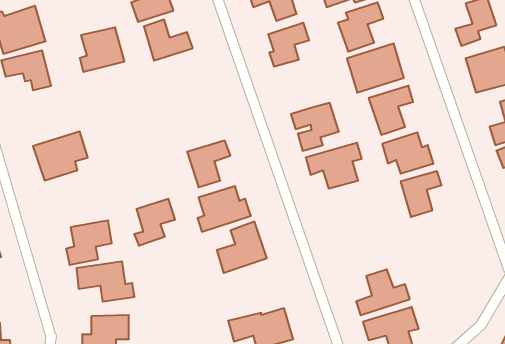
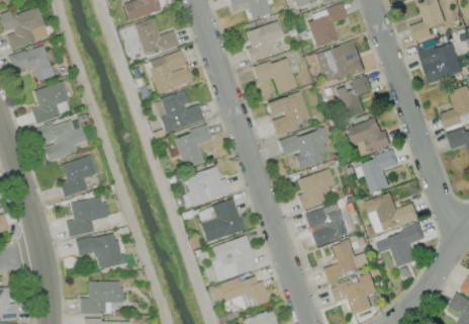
building: [80,27,124,72] -> [31,82,71,122]
building: none -> [147,50,191,92]
building: none -> [253,57,295,92]
building: none -> [159,90,204,133]
building: none -> [296,168,334,209]
building: [134,199,175,246] -> [60,155,96,196]
building: none -> [366,192,418,234]
building: none -> [303,202,349,240]
building: none -> [376,227,425,267]
building: none -> [211,235,257,280]

